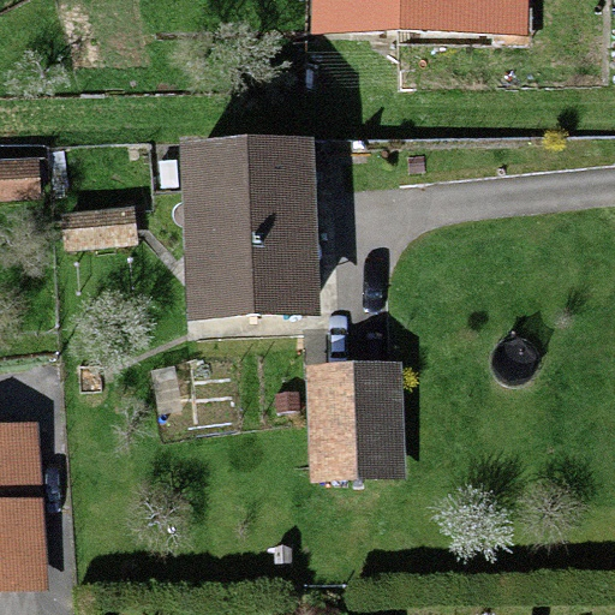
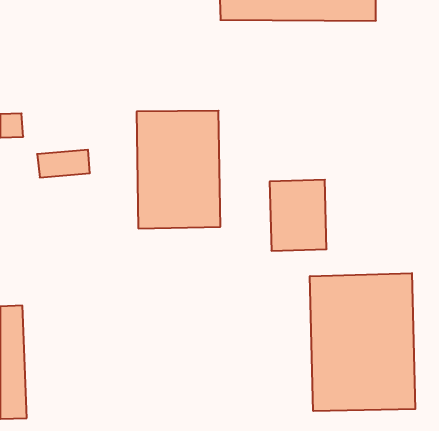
building: [311,368,390,466] -> [270,180,327,251]
building: none -> [310,273,415,411]

